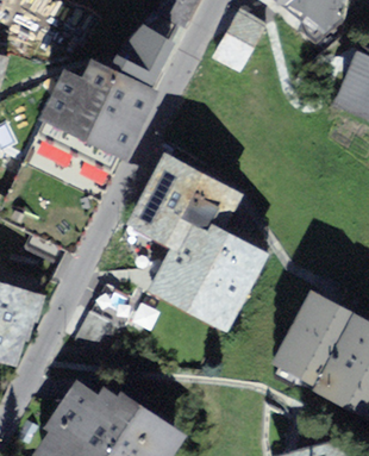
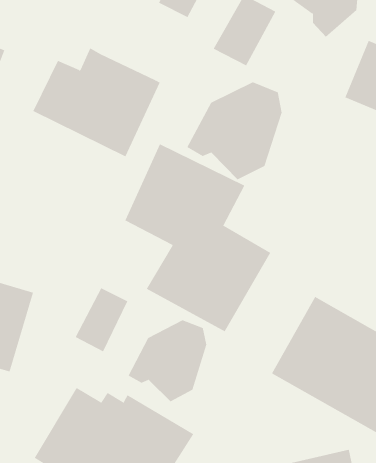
building: [102,25,177,87] -> none
building: none -> [186,82,282,180]
building: none -> [128,320,207,402]

